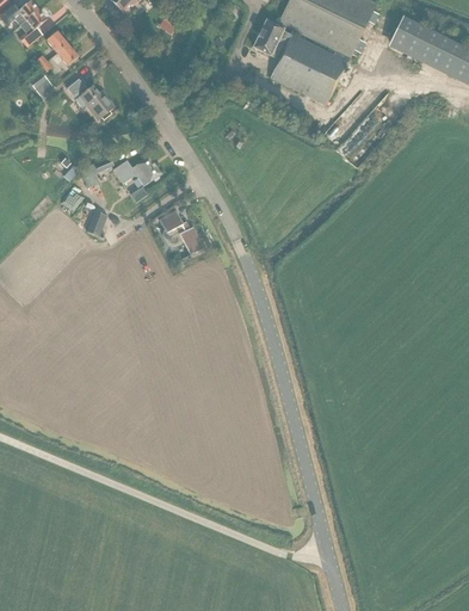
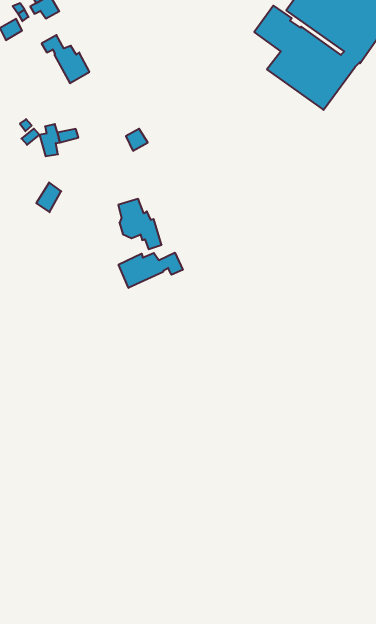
building: [113,156,161,186] -> none
building: none -> [119,253,183,288]

